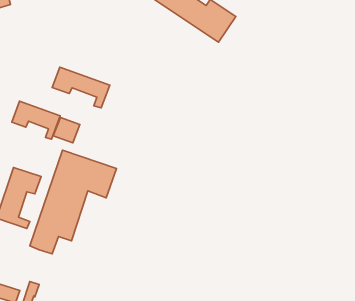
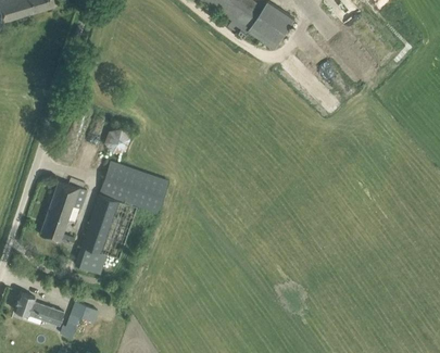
building: [52,67,110,108] -> none
building: [12,101,60,139] -> none

